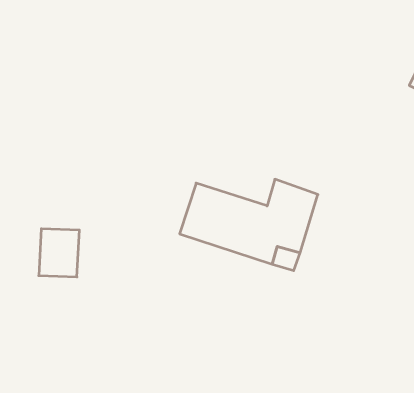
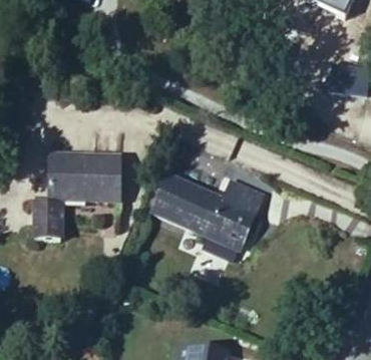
building: none -> [46,158,119,205]

